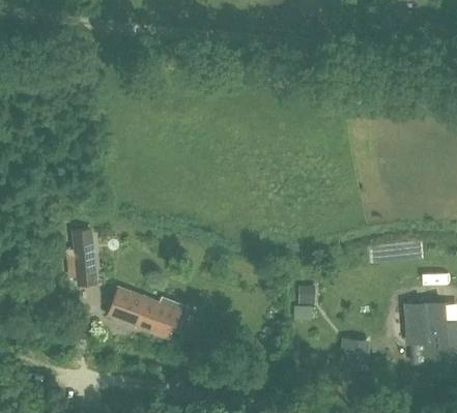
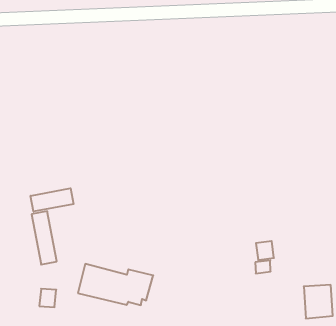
building: none -> [31,188,74,212]

